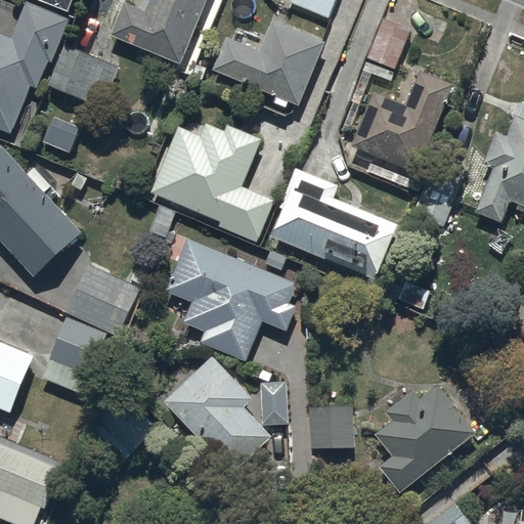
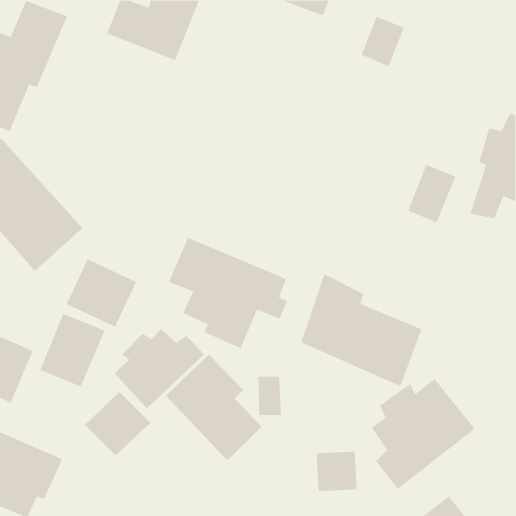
building: [212,24,320,103] -> none
building: [48,44,118,106] -> none
building: [351,73,452,172] -> none
building: [151,125,272,243] -> none
building: [271,167,394,281] -> [300,273,422,387]
building: none -> [114,328,205,409]
building: [309,405,351,446] -> [316,451,357,492]

